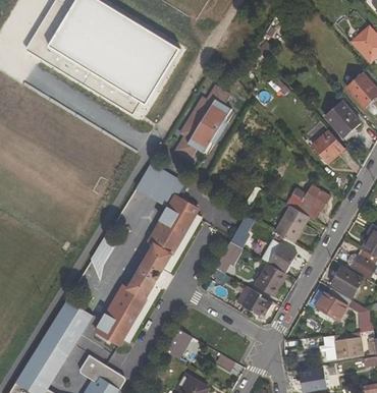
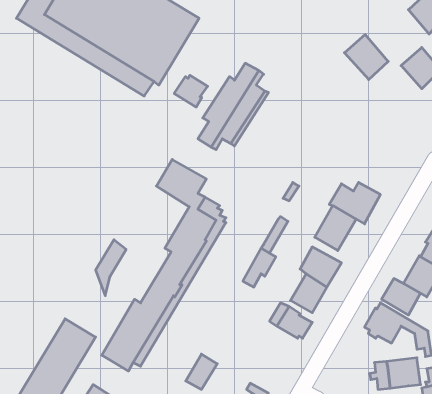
building: none -> [174,75,208,107]
building: [324,100,361,137] -> [344,35,388,80]
building: [312,130,344,163] -> none

